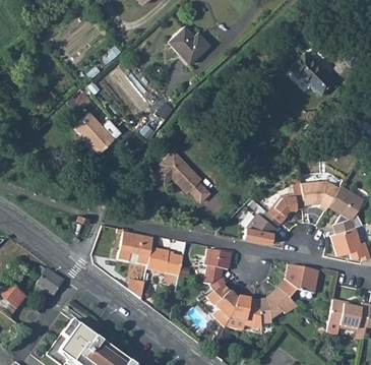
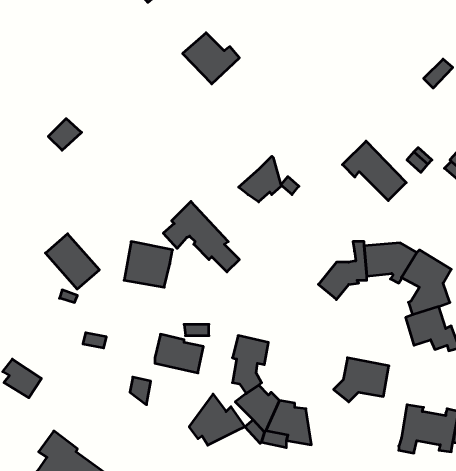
building: [289,51,335,95] -> [342,141,406,201]
building: [74,112,114,153] -> [45,234,99,289]
building: none -> [239,156,281,202]
building: [244,210,279,242] -> none
building: [118,231,153,264] -> [124,242,173,287]
building: [258,288,298,322] -> none
building: none -> [189,394,245,445]

